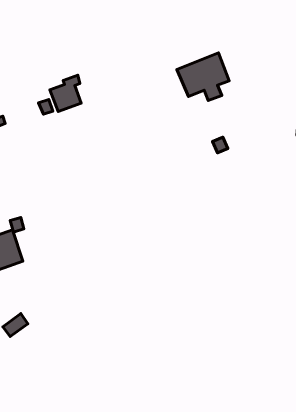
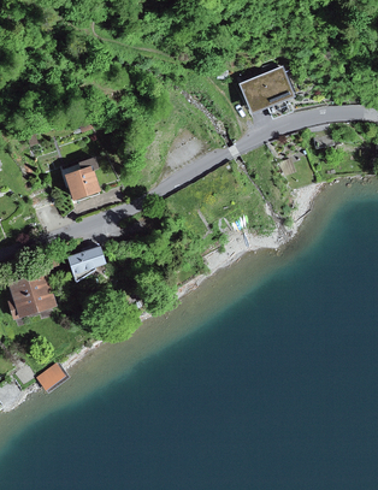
building: [50,75,81,112] -> [63,157,99,199]
building: none -> [66,247,106,283]

